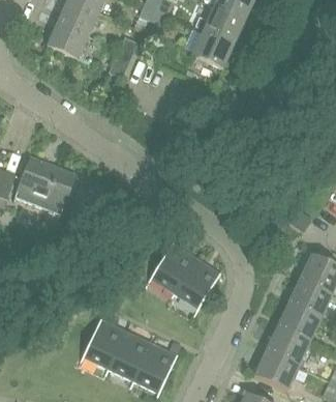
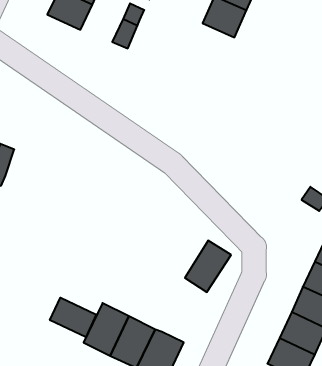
building: [12,156,73,212] -> none
building: [149,241,197,293] -> none
building: none -> [50,298,96,337]

